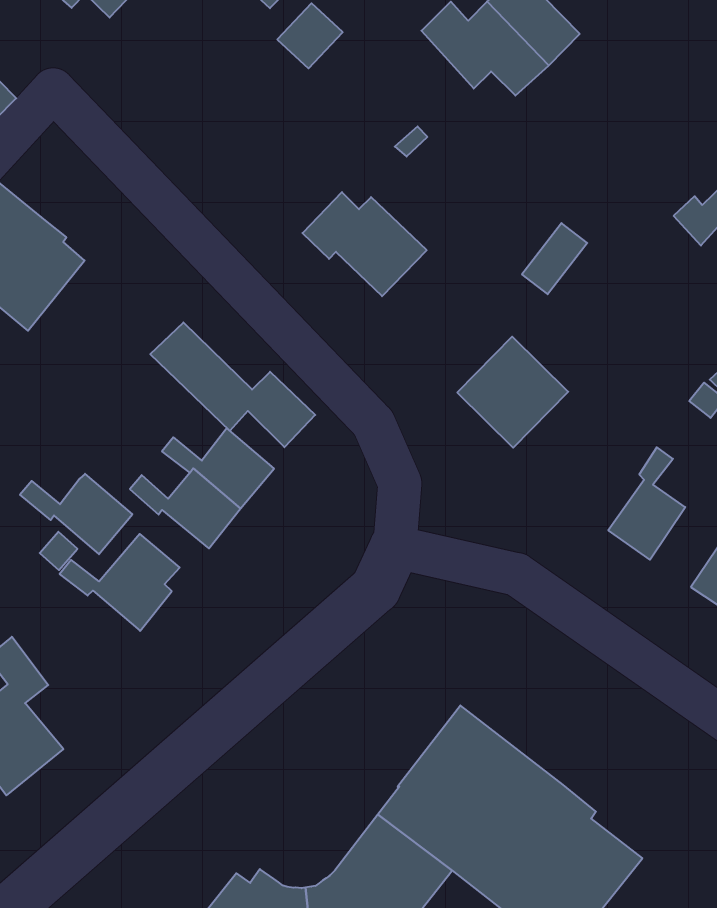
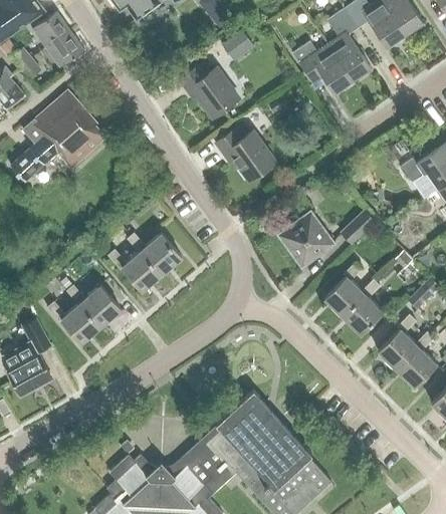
building: none -> [180,62,239,117]
building: [522,223,587,294] -> [341,210,376,244]
building: [150,322,315,447] -> none
building: none -> [324,262,365,316]
building: [20,474,132,554] -> [47,301,101,343]

